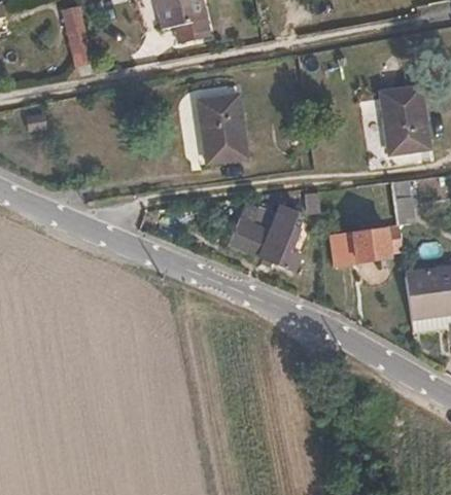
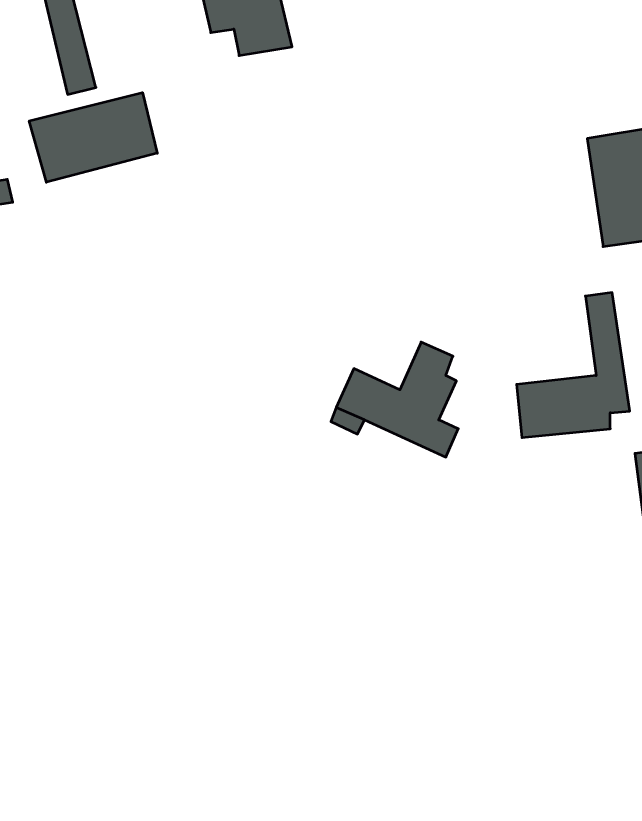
building: none -> [29,93,157,182]
building: [193,91,244,162] -> none

